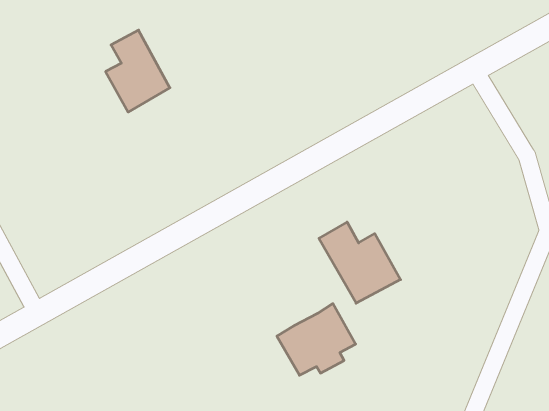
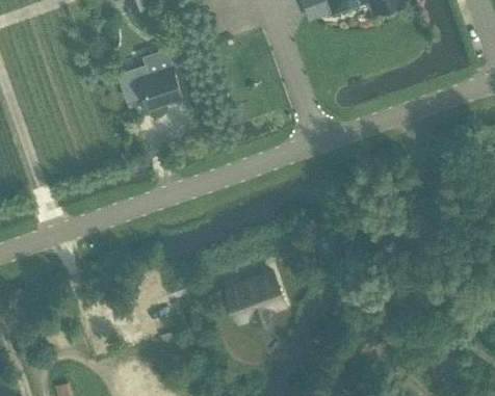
building: [319,222,401,303] -> none

